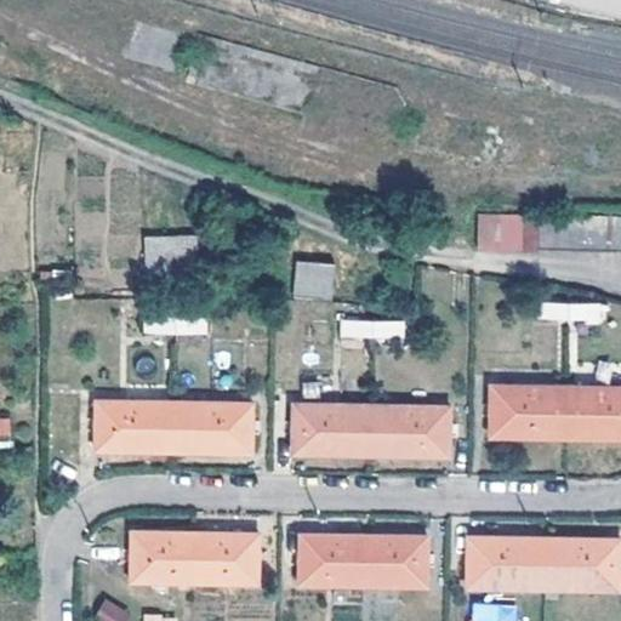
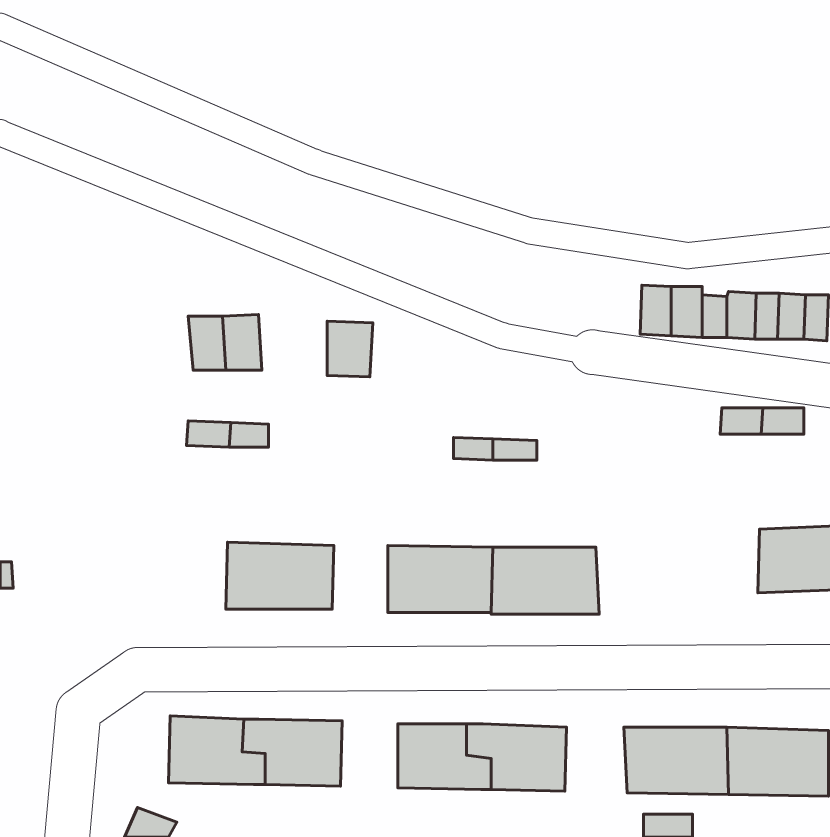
building: [302,258,336,300] -> [327,321,373,377]
building: [486,392,568,441] -> none
building: [95,400,173,451] -> none

